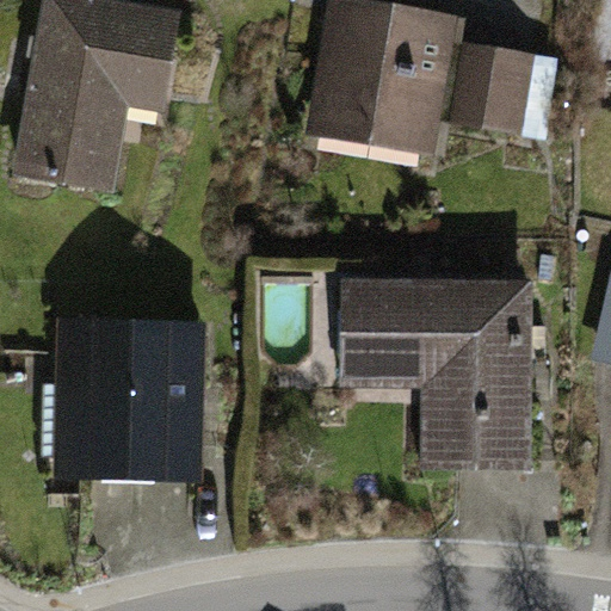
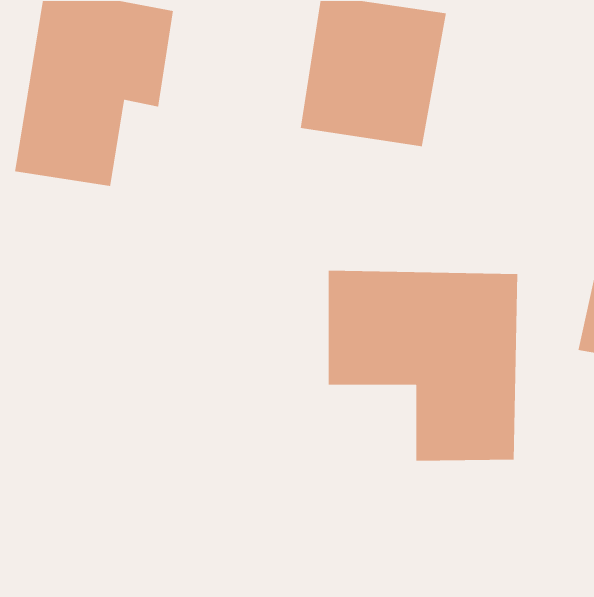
building: [450,42,532,137] -> none
building: [50,316,206,477] -> none

